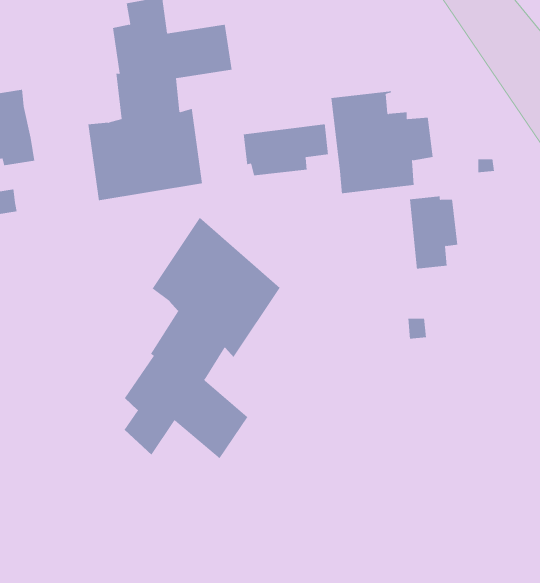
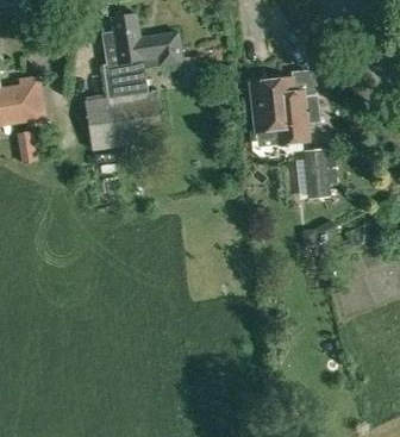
building: [243,124,329,176] -> none
building: [124,217,280,459] -> none

